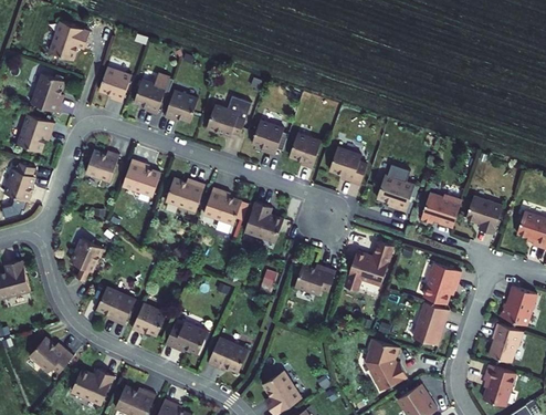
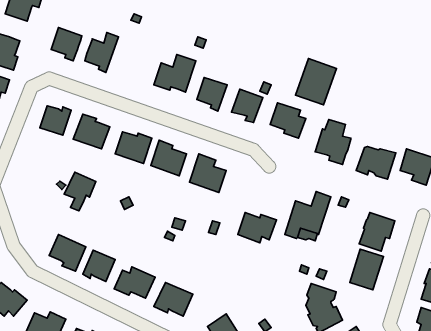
building: [165,91,198,123] -> none
building: none -> [296,59,337,105]
building: [70,239,103,280] -> [64,172,96,211]

